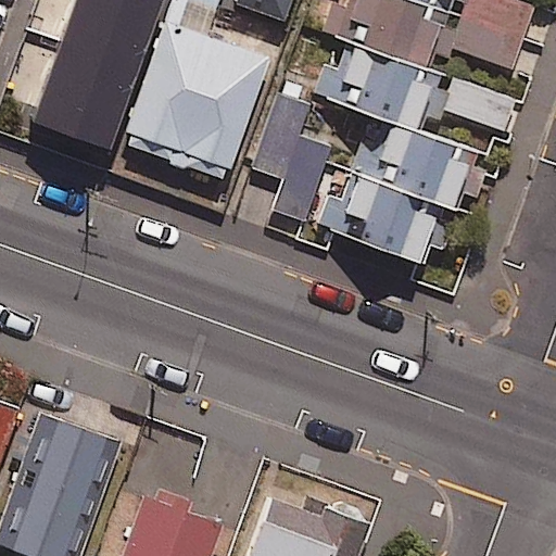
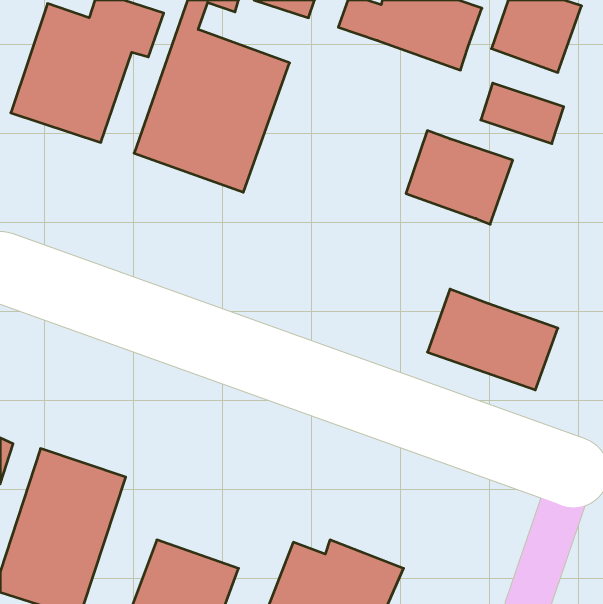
building: [328,39,435,129] -> none
building: [253,90,332,219] -> none
building: [319,166,439,258] -> [427,289,558,390]

